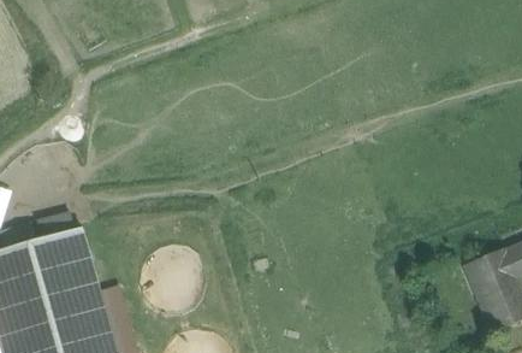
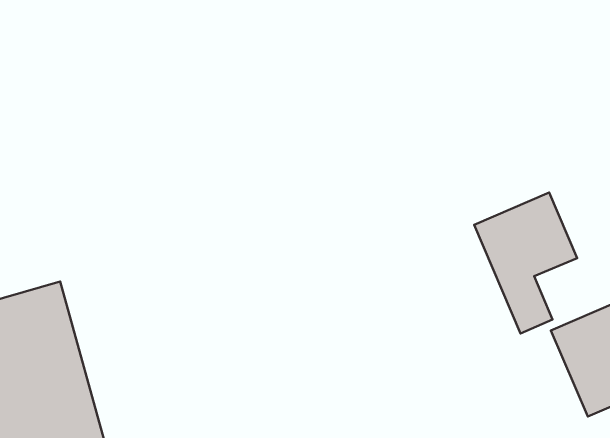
building: none -> [474,193,577,334]

